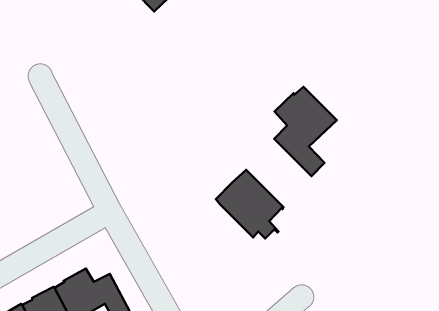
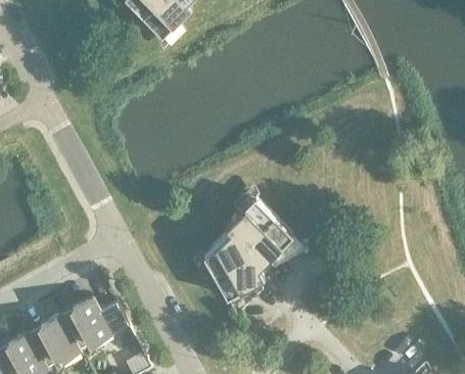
building: [274,87,337,176] -> none
building: none -> [202,233,264,301]

